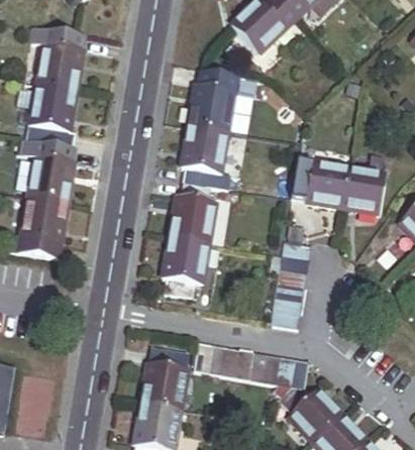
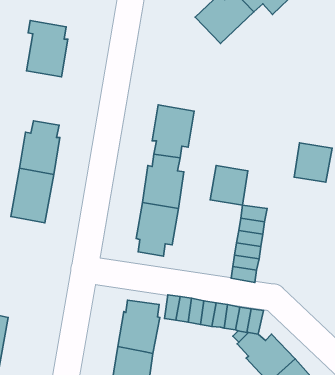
building: [187,71,243,132] -> none
building: [25,86,76,148] -> none
building: [306,162,349,208] -> [210,166,248,205]

